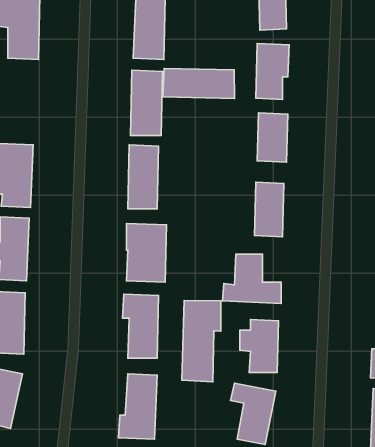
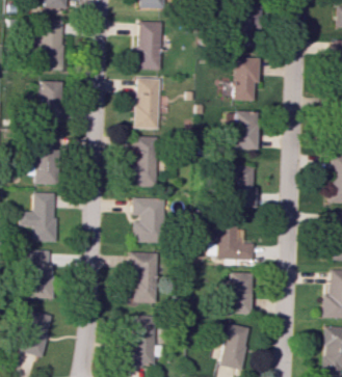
building: [163,68,234,98] -> none
building: none -> [41,81,63,123]
building: [182,301,221,382] -> none

